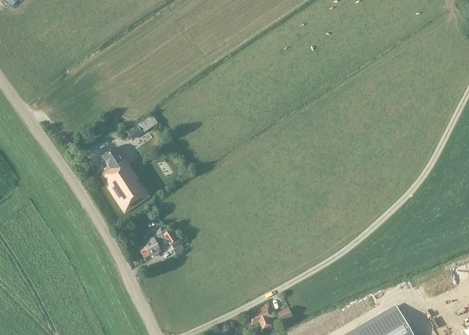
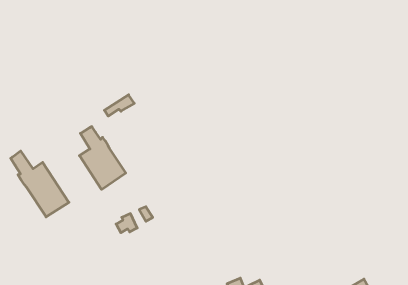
building: none -> [11,151,69,217]

